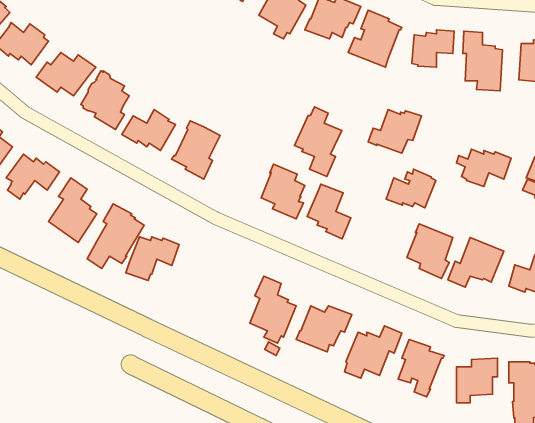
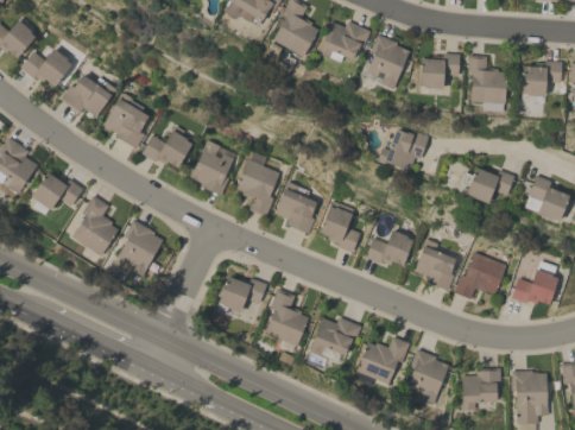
building: [294,107,342,177] -> [235,151,280,217]
building: [386,169,436,208] -> [366,229,413,266]
building: [126,237,179,280] -> [216,277,267,318]

